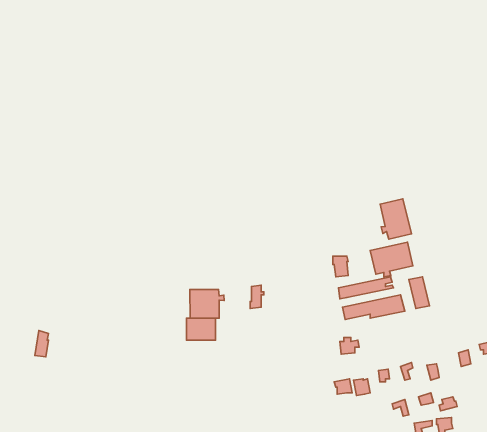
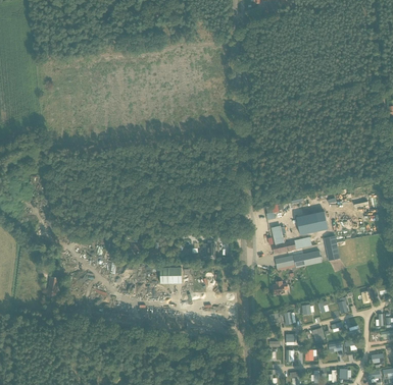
building: [380,199,412,239] -> none
building: [190,289,224,318] -> none

